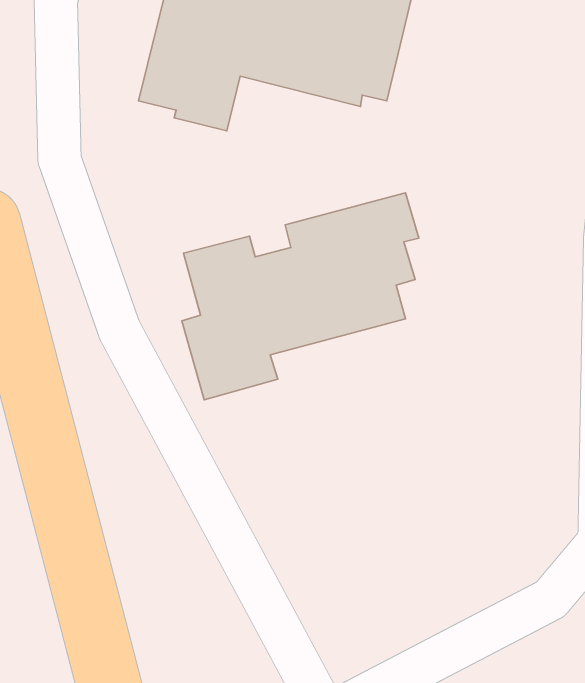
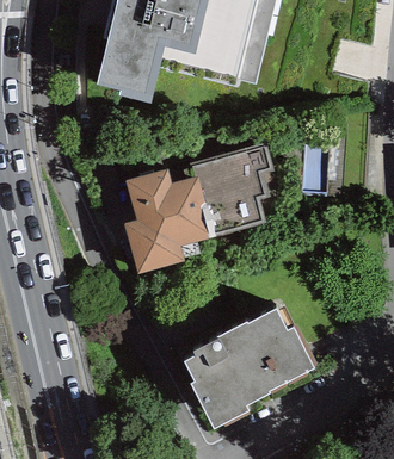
building: none -> [184,309,314,430]

